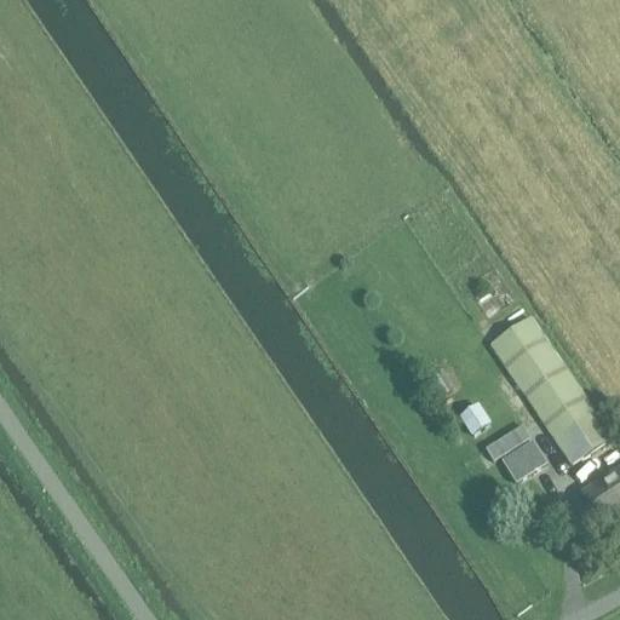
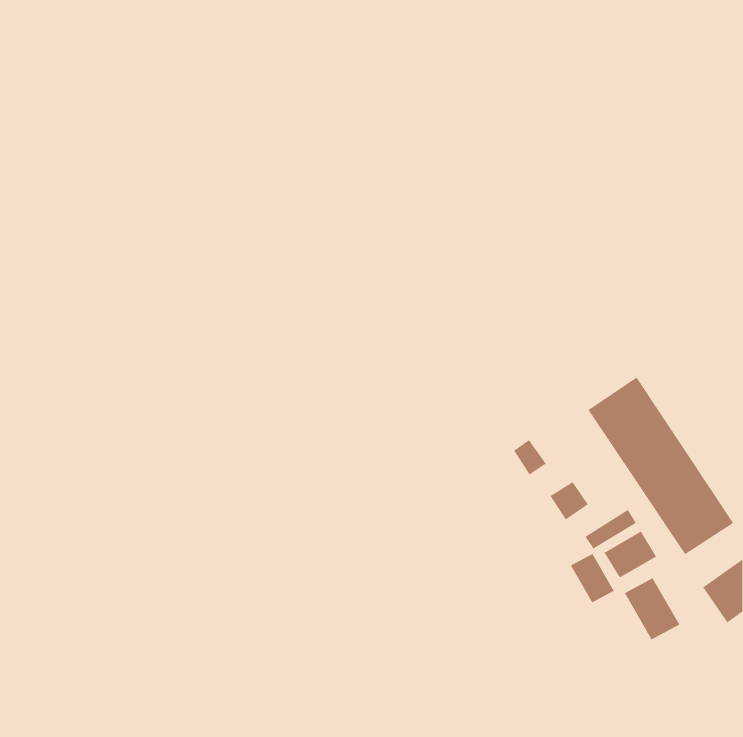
building: none -> [570,553,615,603]
building: none -> [624,577,680,640]

